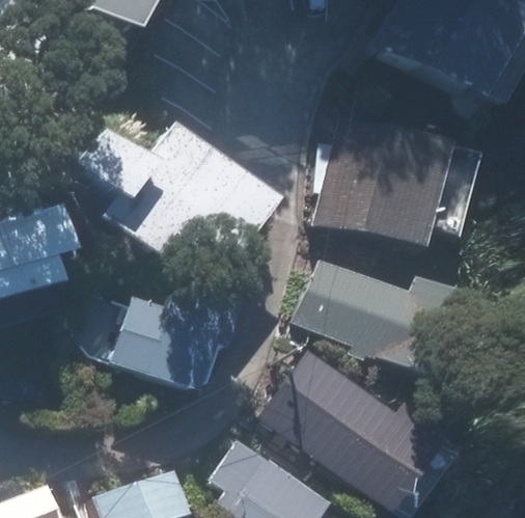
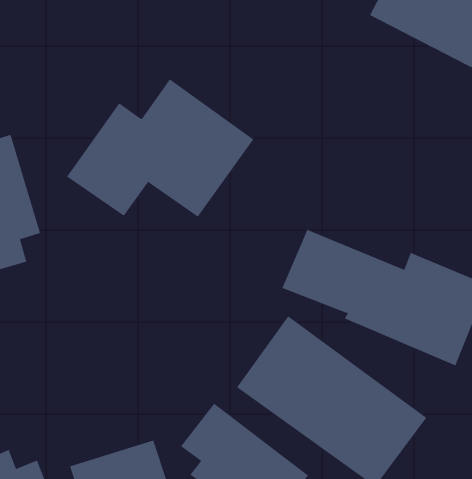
building: [329,125,469,255] -> none
building: [98,279,218,390] -> none

